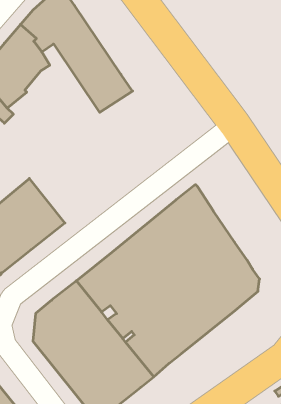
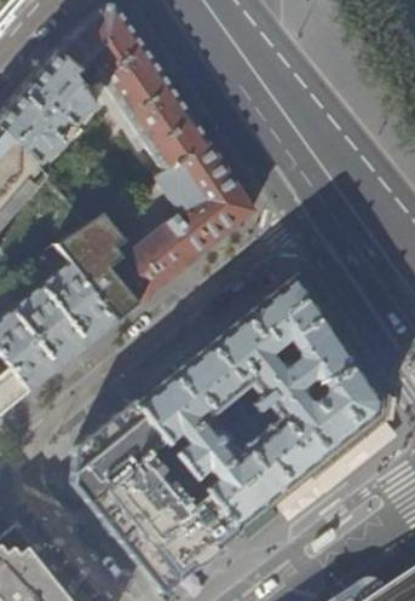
building: none -> [56,144,255,323]

